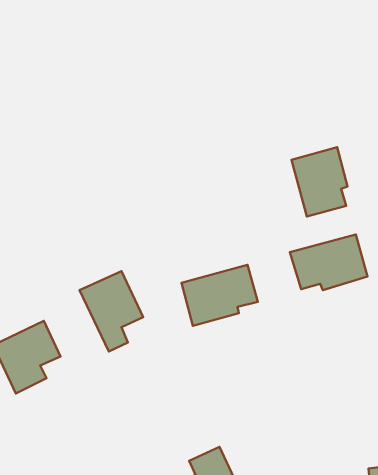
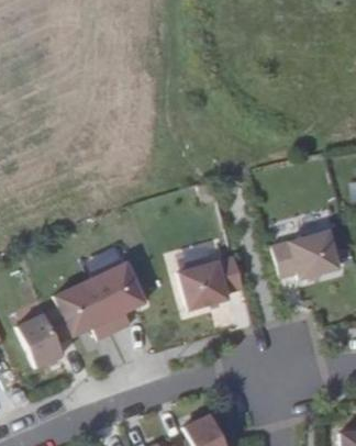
building: [291,147,348,216] -> none
building: none -> [55,279,116,341]

